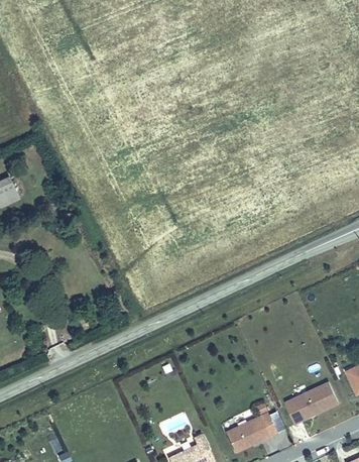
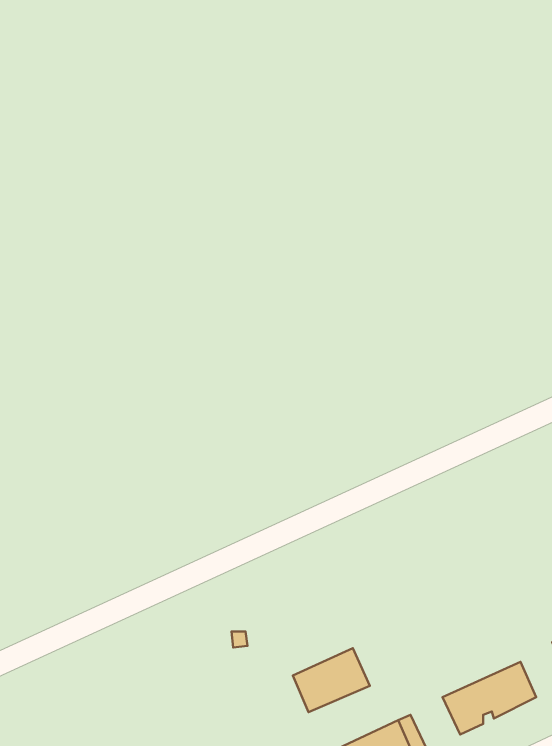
building: none -> [293,648,370,712]

